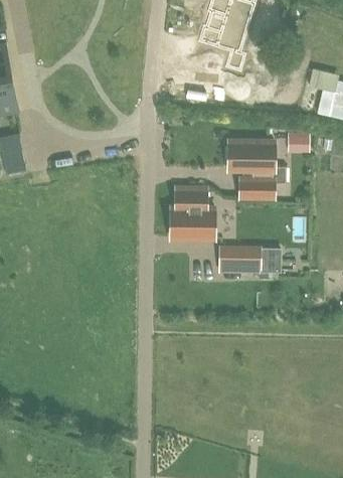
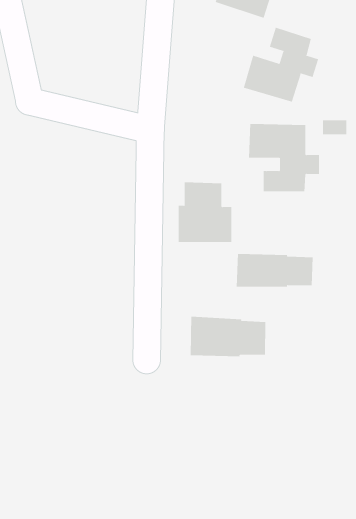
building: none -> [243,27,319,102]
building: none -> [190,316,266,357]

